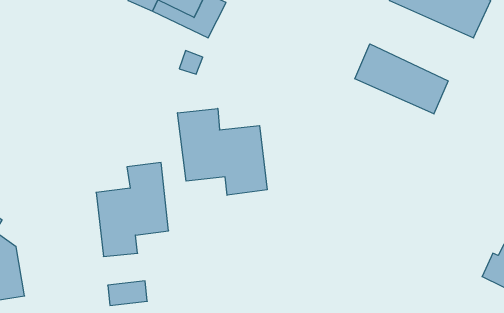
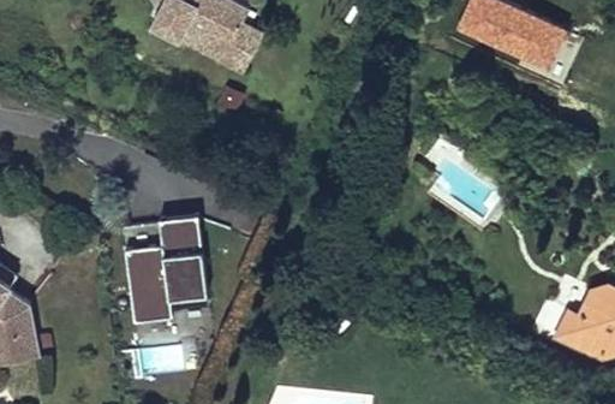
building: [355,44,448,114] -> none
building: [178,108,267,195] -> none

